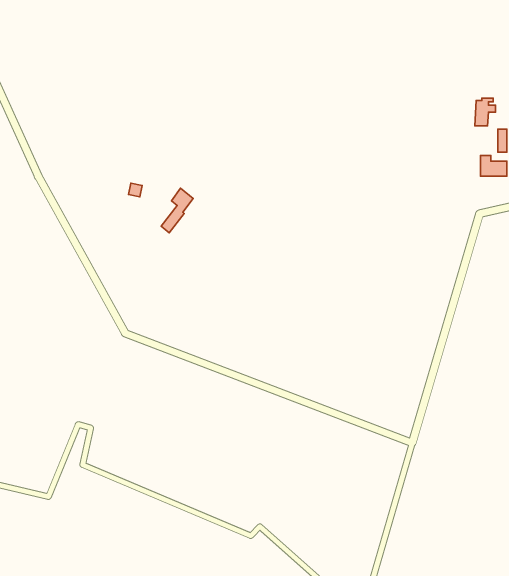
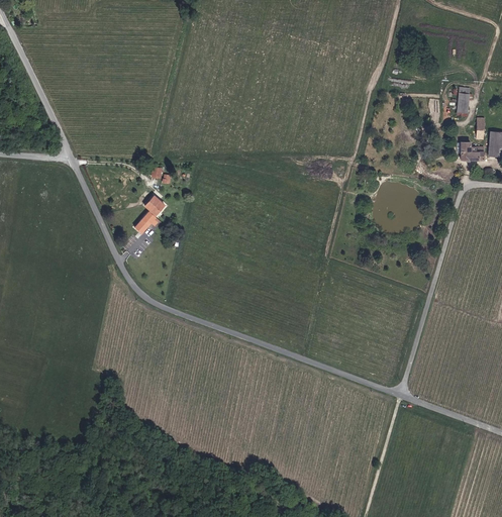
building: [161,188,193,233] -> [136,194,165,233]

